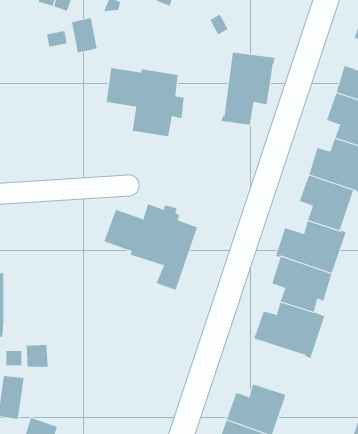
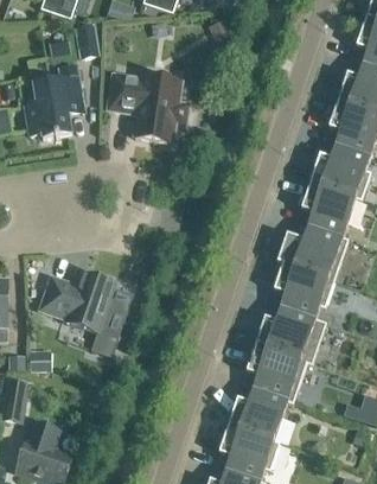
building: [221,52,275,126] -> none
building: none -> [24,64,83,138]
building: [103,203,198,290] -> [39,270,133,357]
building: none -> [245,343,306,401]

